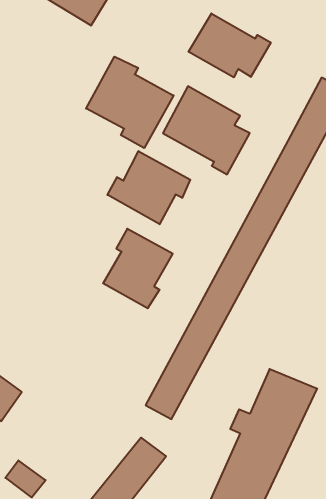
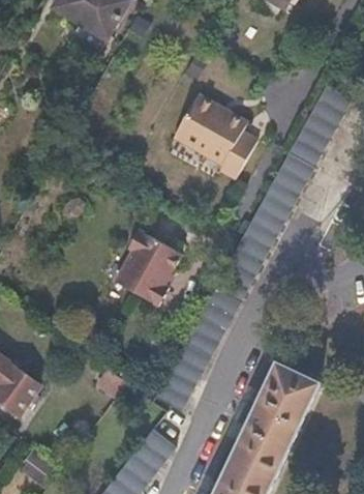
building: [189,13,271,77] -> none
building: [86,57,174,148] -> none
building: [107,151,190,224] -> none

